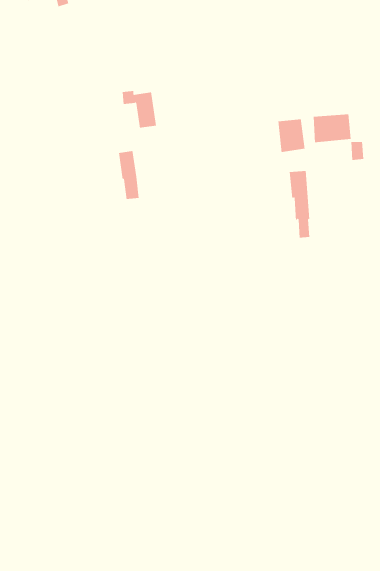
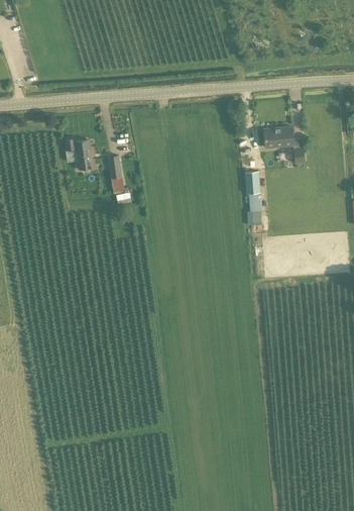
building: [122,91,157,128] -> [65,138,93,169]
building: [278,119,305,153] -> none

